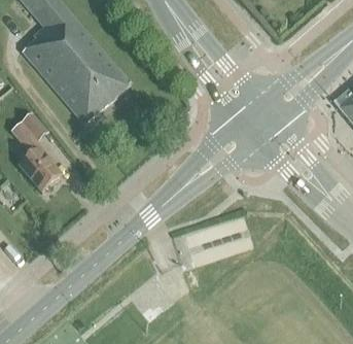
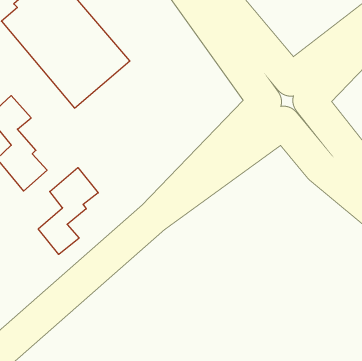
building: none -> [38,168,98,254]

